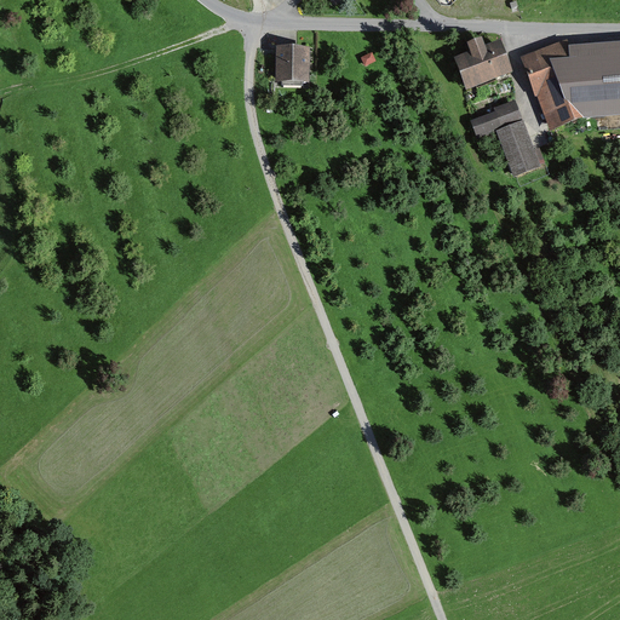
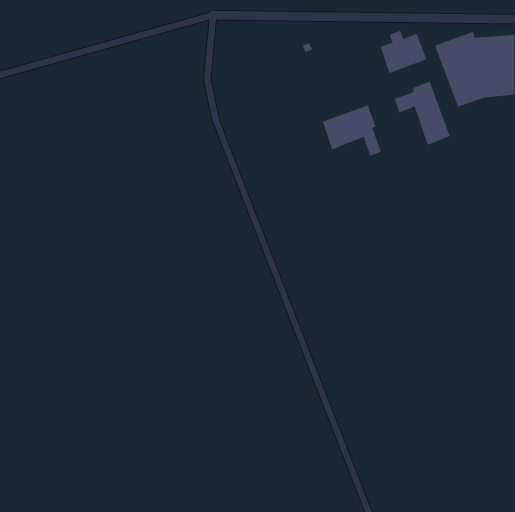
building: [275,46,310,80] -> none
building: none -> [322,104,381,156]

